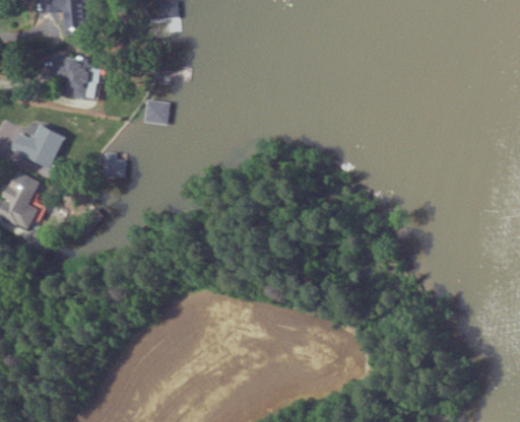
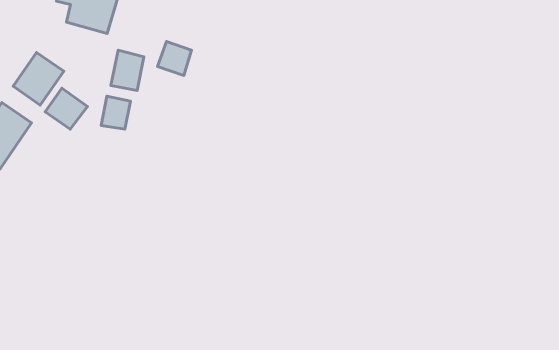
building: none -> [111,50,144,91]
building: none -> [45,88,87,129]

